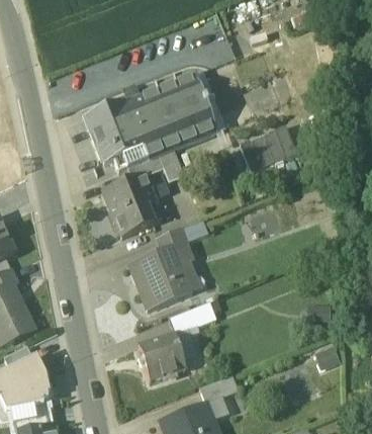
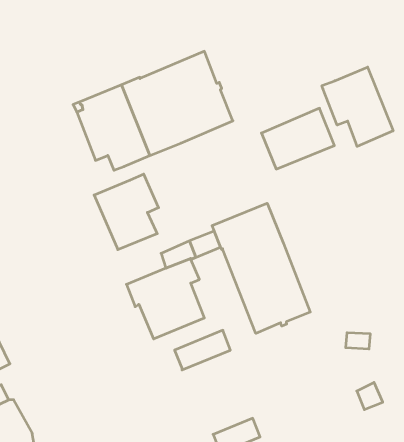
building: none -> [322,67,393,146]
building: [127,148,185,180] -> none
building: none -> [212,203,310,333]
building: [138,332,186,377] -> none

